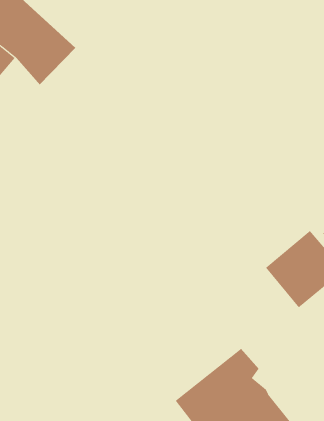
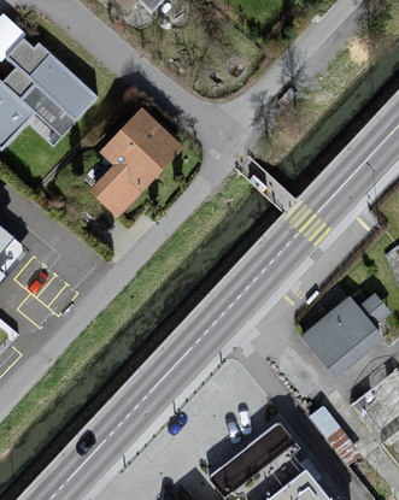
building: none -> [95,107,189,218]

